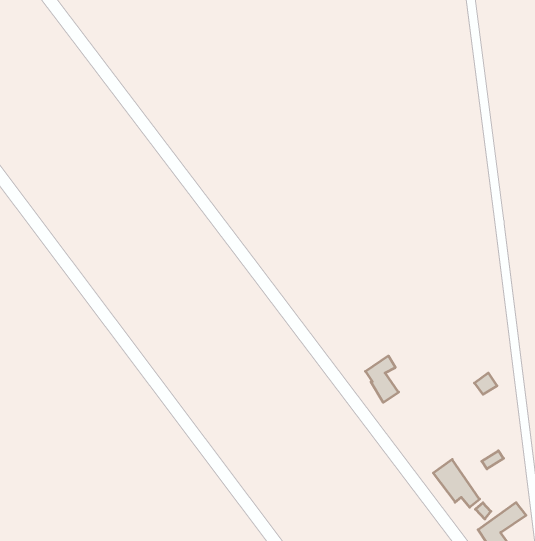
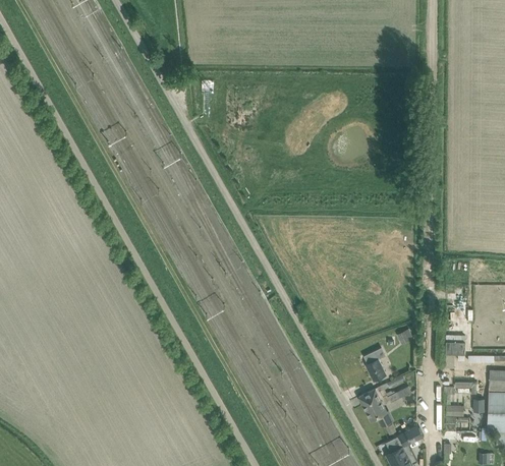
building: [365,356,399,402] -> [364,346,387,380]

